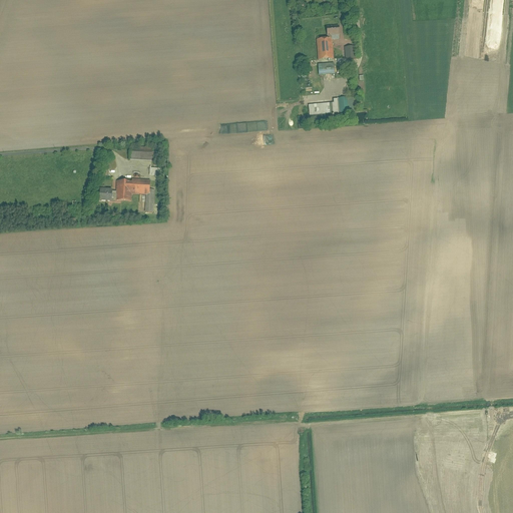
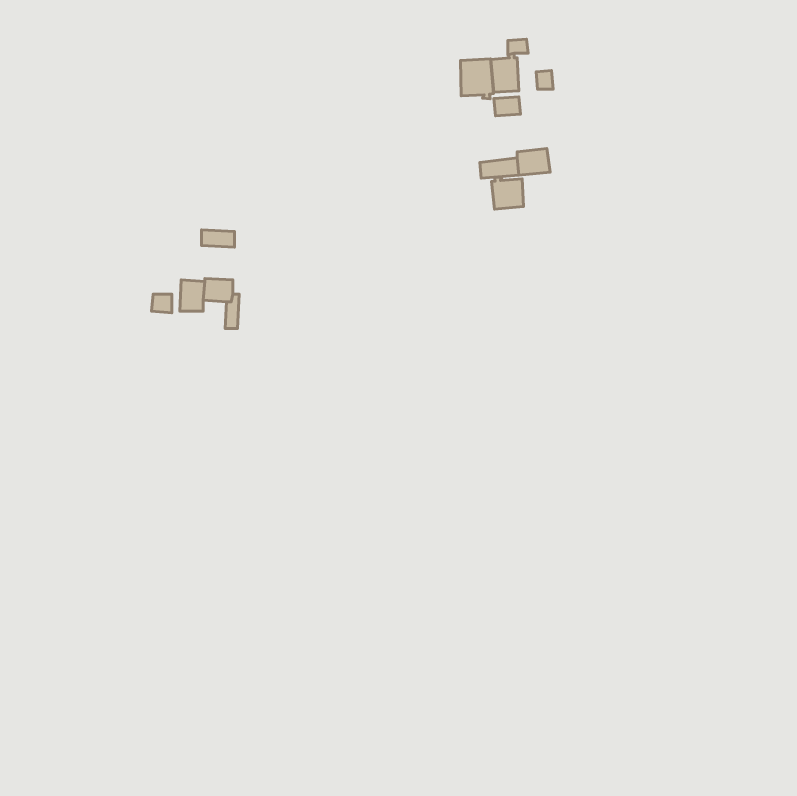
building: none -> [460,59,493,99]
building: none -> [492,177,523,209]

